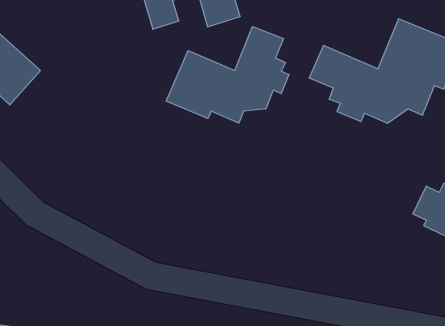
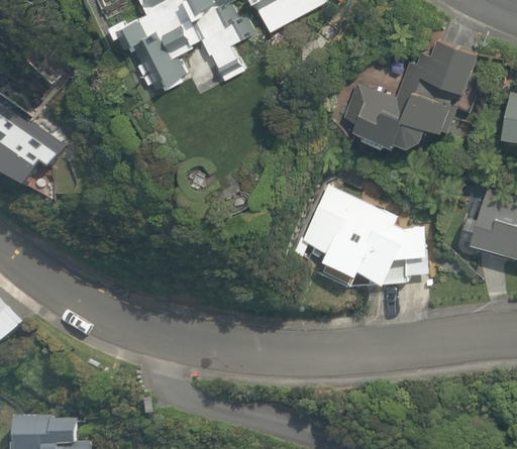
building: [166,27,289,123] -> none
building: none -> [304,186,424,288]

